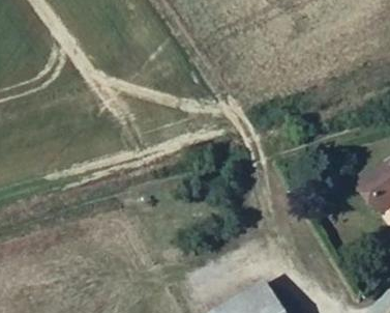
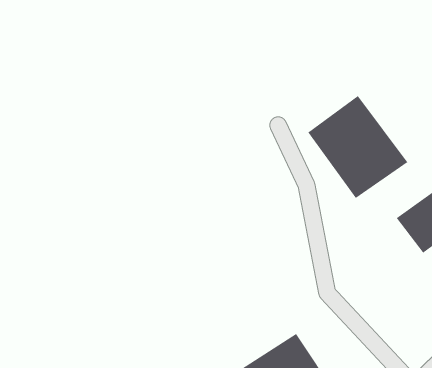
building: none -> [308,95,408,199]

